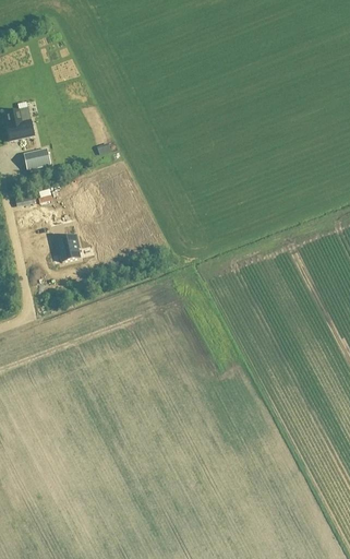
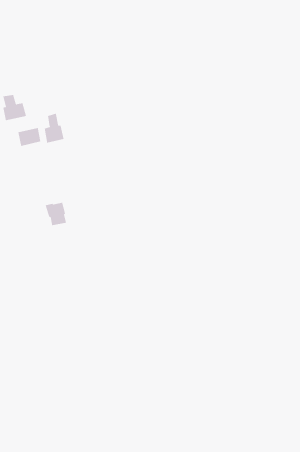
building: none -> [44,113,64,143]

